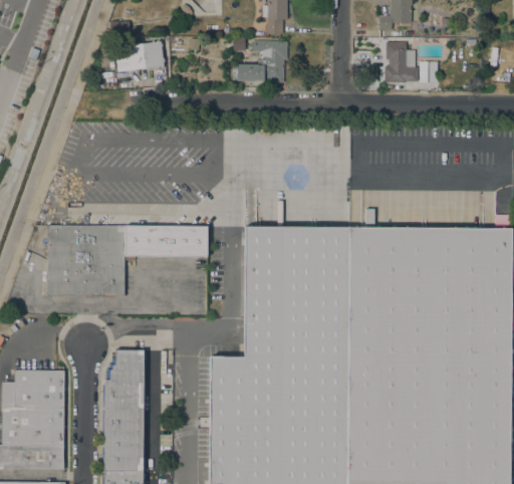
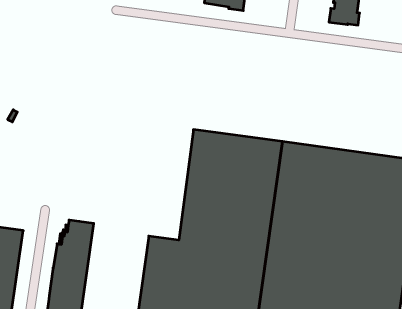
building: [419,61,437,82] -> none
building: [47,225,208,296] -> none

